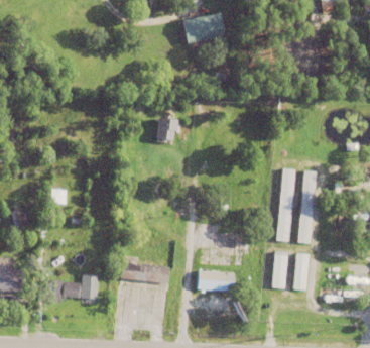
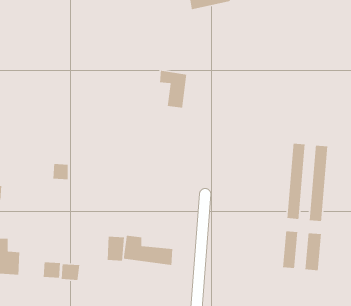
building: [198,273,235,294] -> none
building: [83,276,100,301] -> [107,236,125,261]

